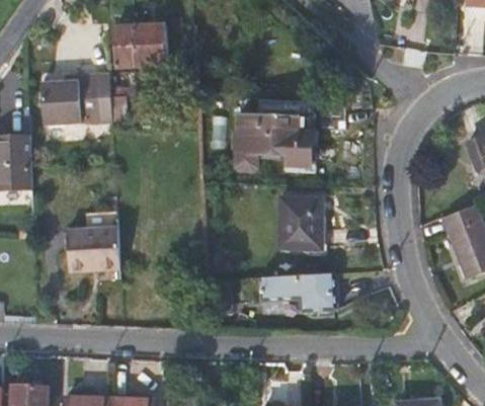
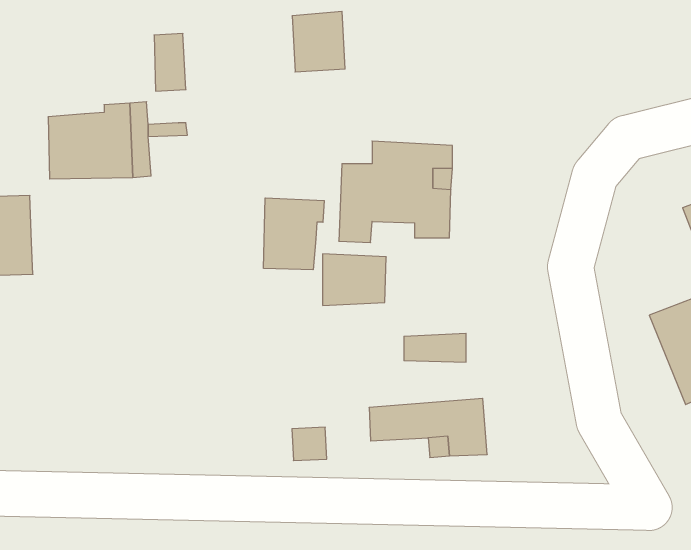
building: [132,25,167,66] -> [292,11,345,72]
building: none -> [264,198,324,270]
building: [279,196,322,231] -> [323,254,386,305]
building: [66,212,118,271] -> none

